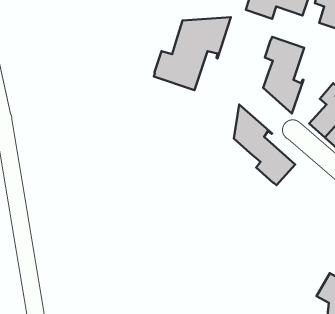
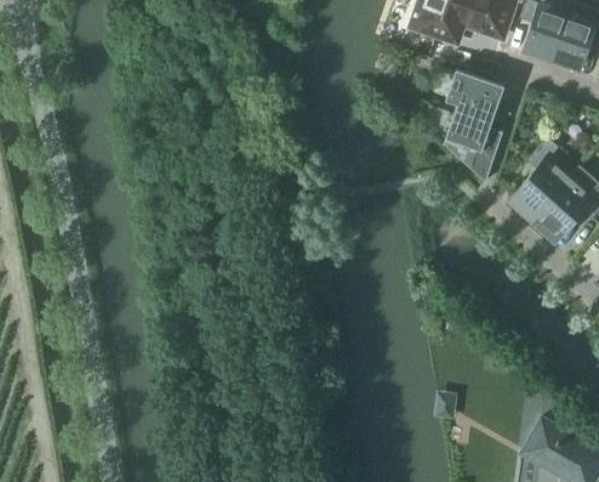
building: [154,17,231,90] -> none
building: [234,105,295,185] -> none

